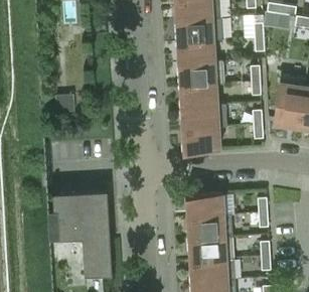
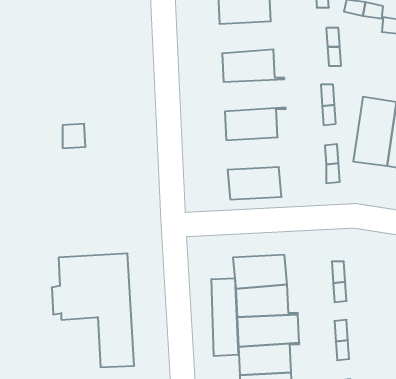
building: [174,19,214,43] -> none
building: [177,62,223,87] -> none
building: [179,106,218,130] -> none
building: none -> [211,278,238,356]

